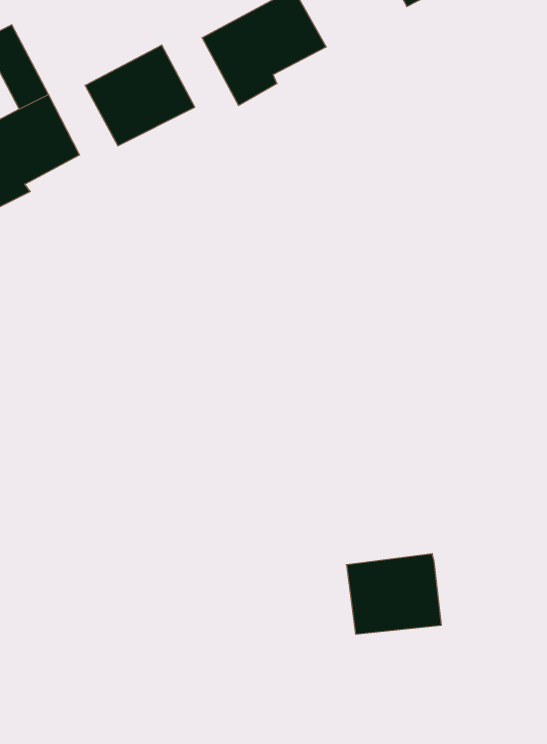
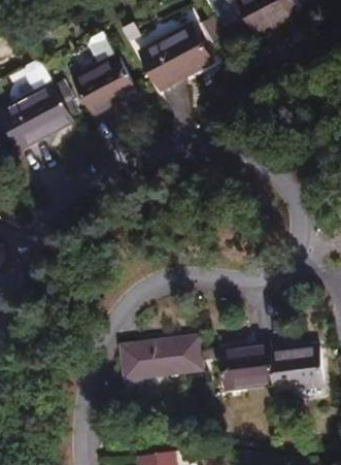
building: none -> [121,335,202,384]
building: none -> [270,341,323,391]

